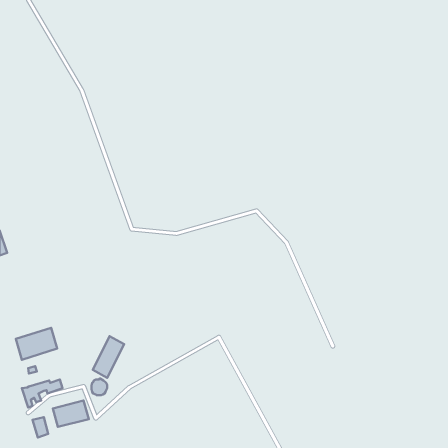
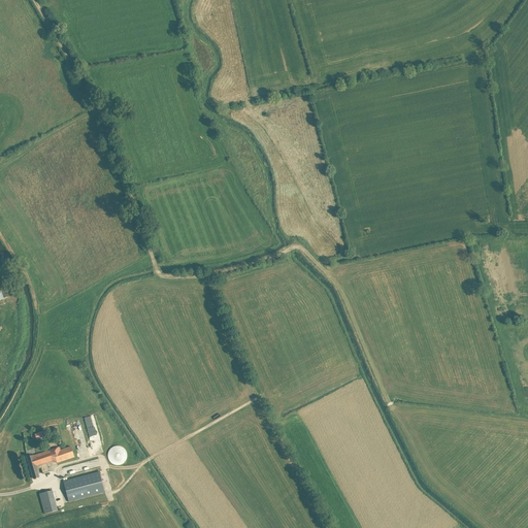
building: [16,328,57,360] -> none
building: [93,336,124,378] -> none

